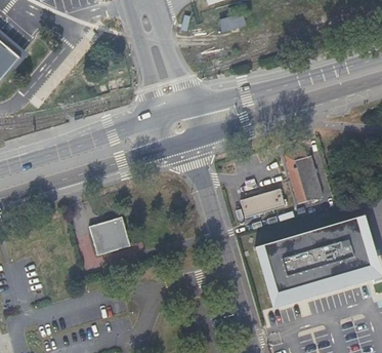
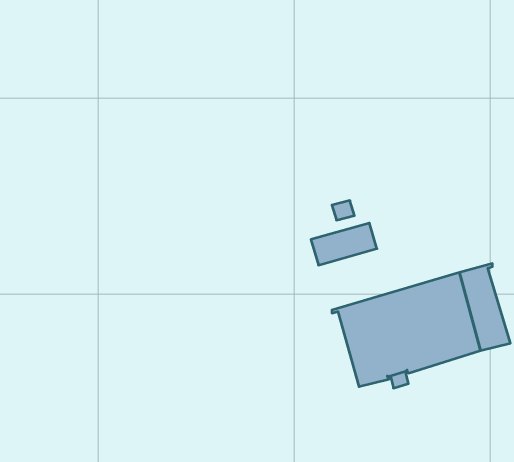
building: [285,148,323,202] -> none
building: [89,217,130,254] -> none

